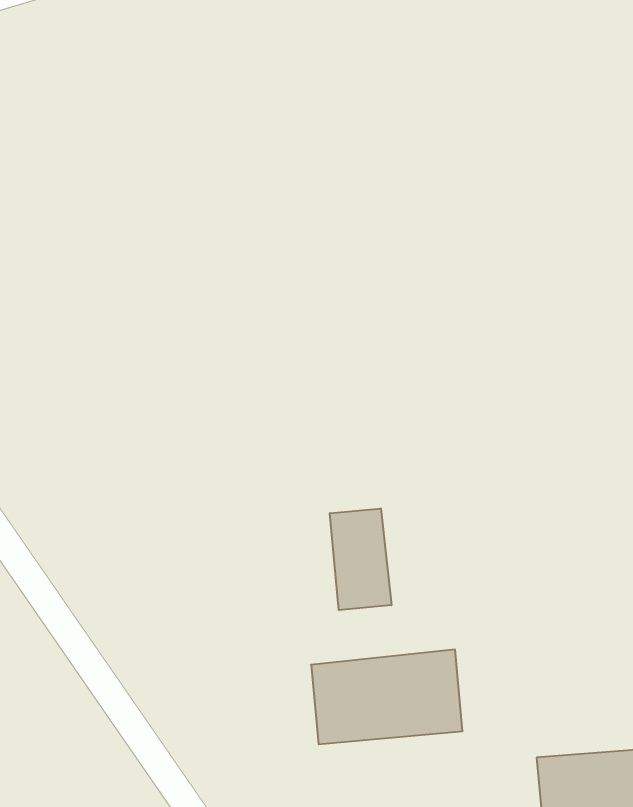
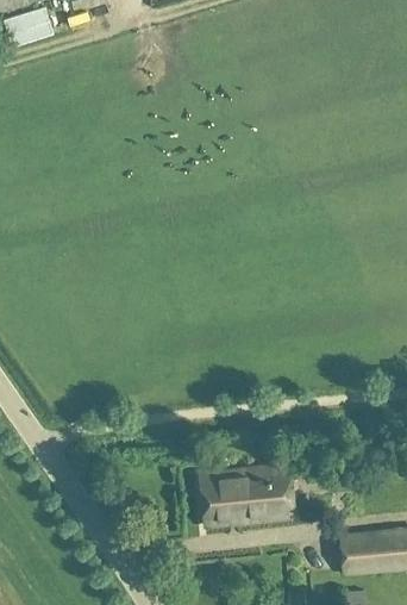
building: [330,508,391,610] -> none

